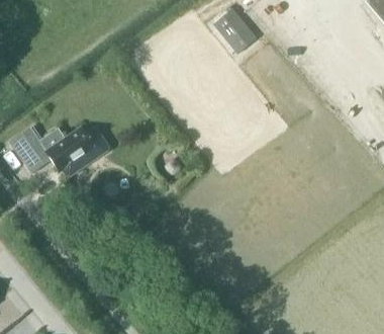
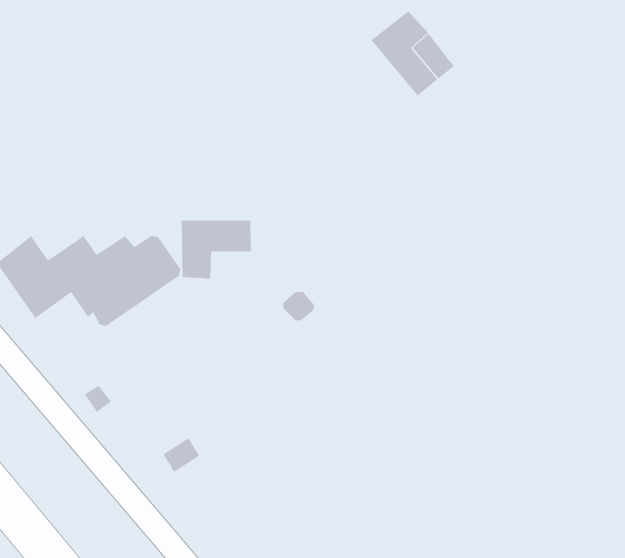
building: none -> [181,220,251,279]

